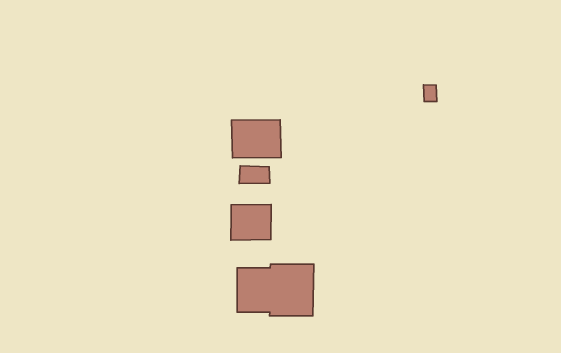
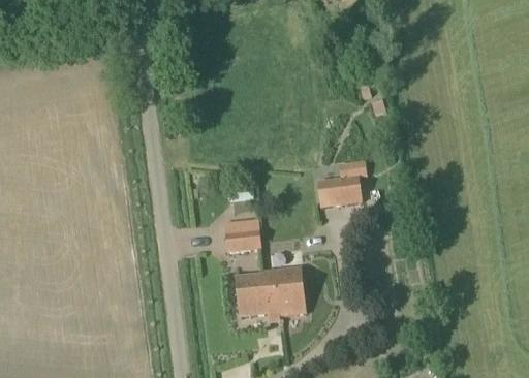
building: [231,120,281,158] -> none
building: none -> [316,160,367,208]

